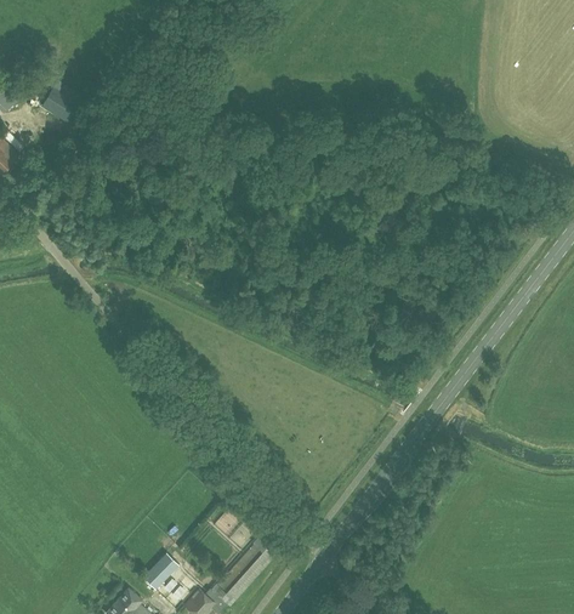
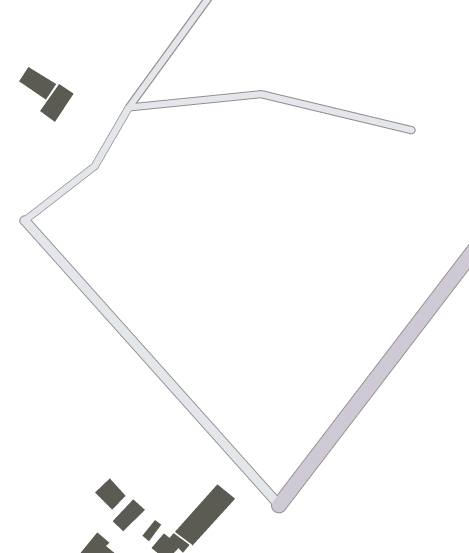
building: none -> [39,83,75,123]
building: none -> [94,478,127,510]

